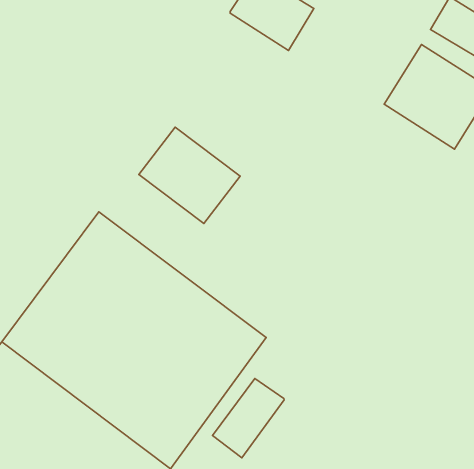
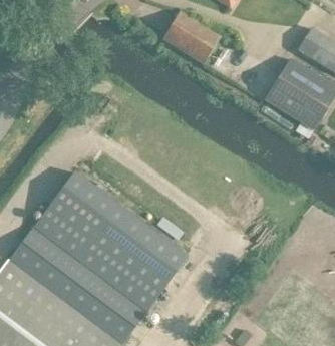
building: [139,127,240,224] -> none
building: [212,379,284,458] -> none

